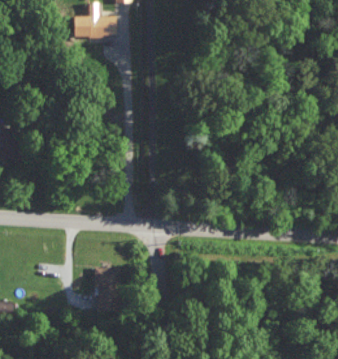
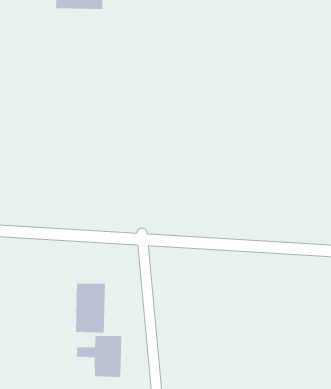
building: none -> [76,335,122,378]

